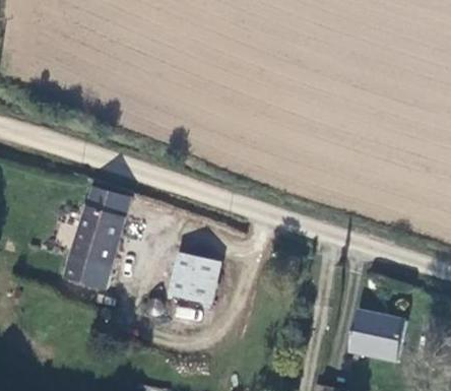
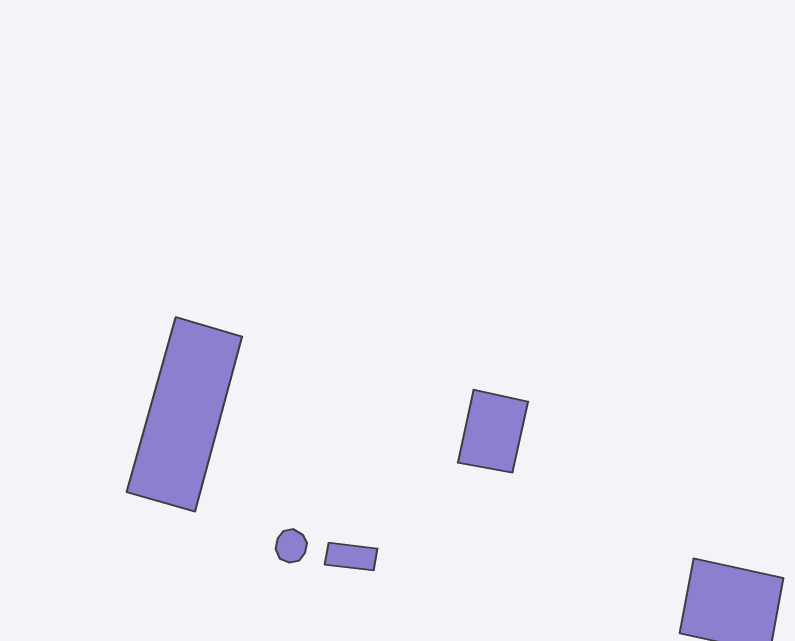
building: [170,254,206,297] -> [458,390,528,472]

